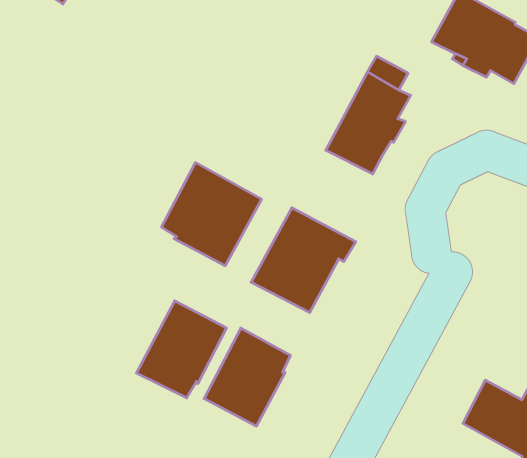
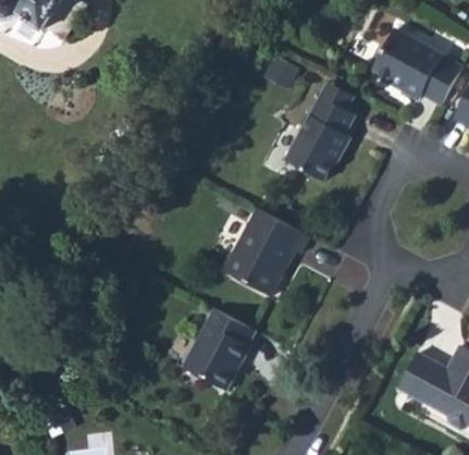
building: [162,163,261,266] -> none
building: [136,301,226,398] -> none

